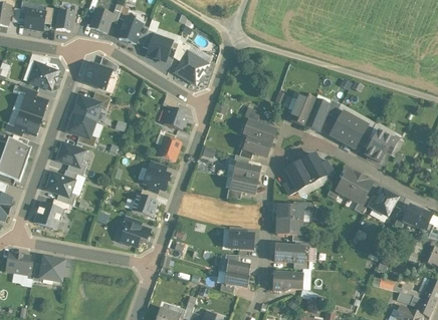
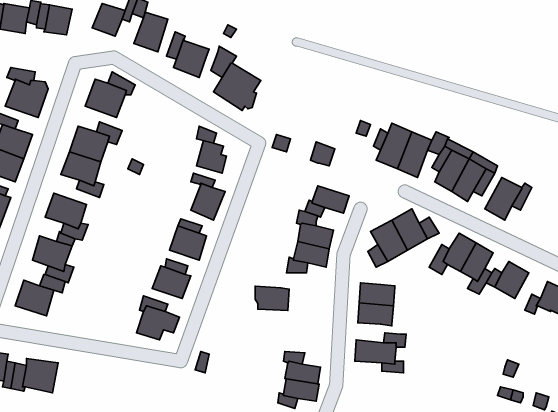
building: [244,120,275,143] -> none
building: [229,232,253,249] -> [255,286,289,311]
building: [273,272,302,291] -> none

